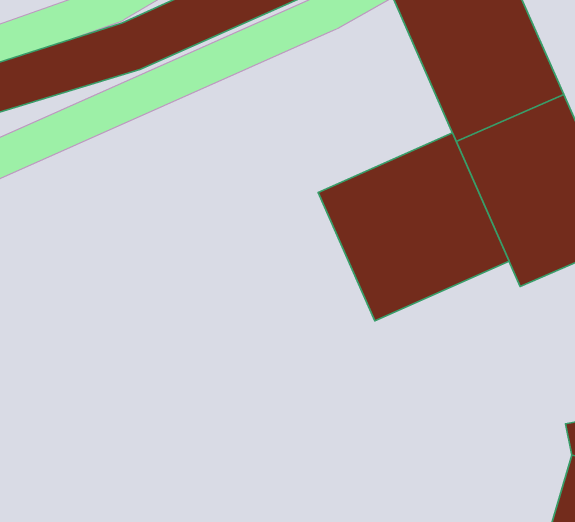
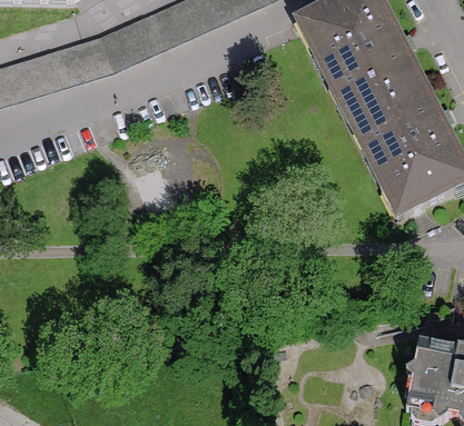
building: [318,133,509,321] -> none

